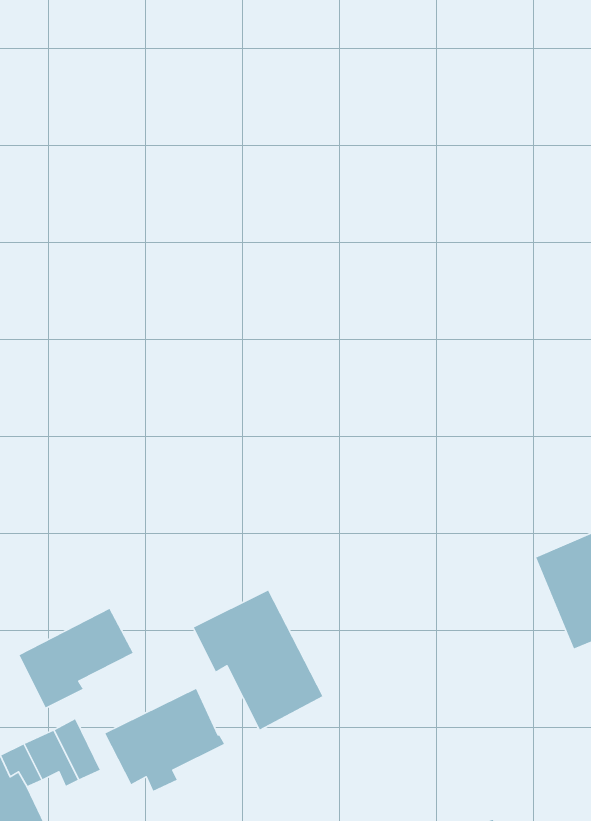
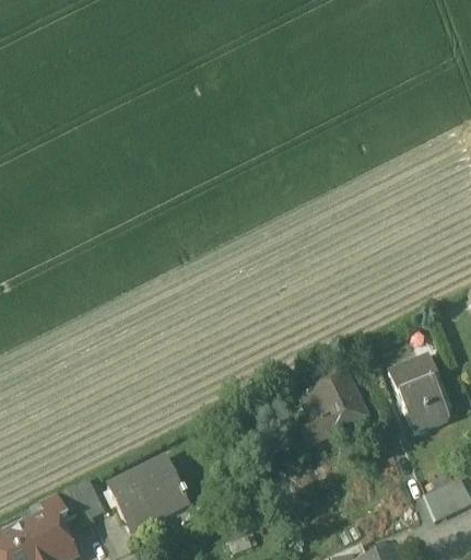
building: none -> [309,366,369,433]
building: [193,589,324,730] -> none
building: [19,608,134,708] -> none

